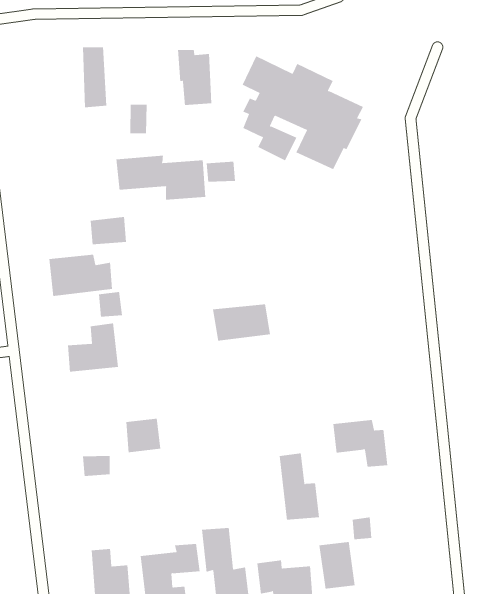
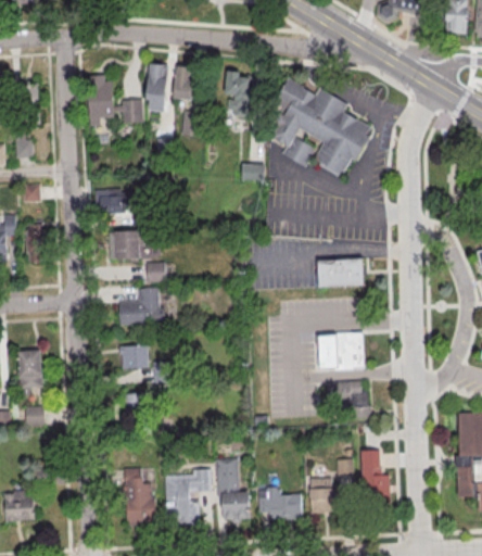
building: none -> [173,65,193,100]
building: none -> [87,75,143,126]
building: [116,155,206,201] -> none
building: [90,217,127,245] -> [96,191,124,212]
building: [212,304,271,341] -> [318,261,364,288]
building: none -> [319,333,365,370]
building: [125,418,161,453] -> [120,344,148,370]
building: [279,453,320,520] -> [360,450,390,503]

